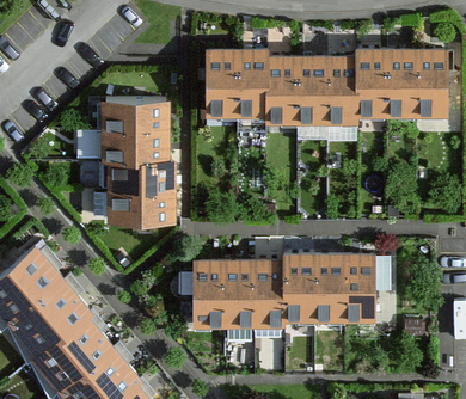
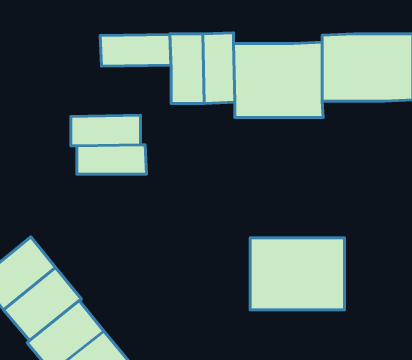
building: [90,99,161,131] -> [100,34,171,66]
building: [97,190,167,221] -> none
building: [178,258,272,327] -> none

